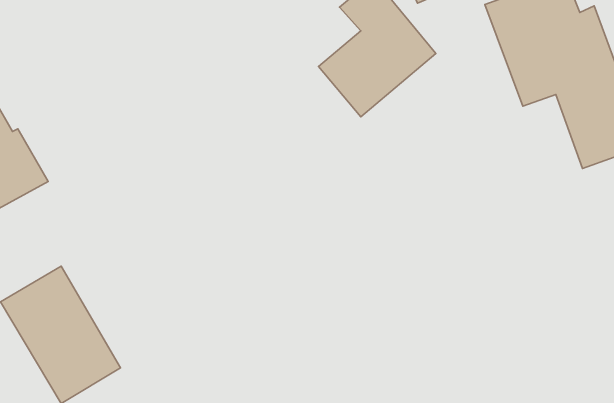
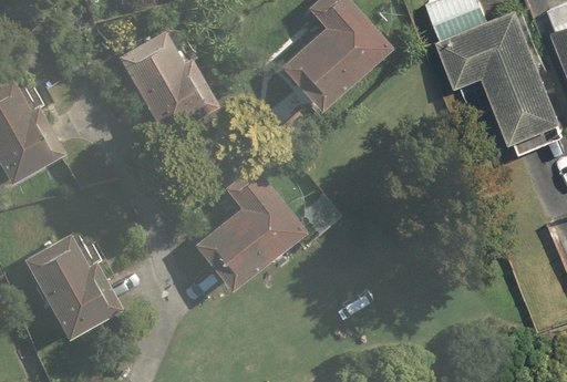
building: none -> [118,30,210,127]
building: none -> [194,167,306,292]

